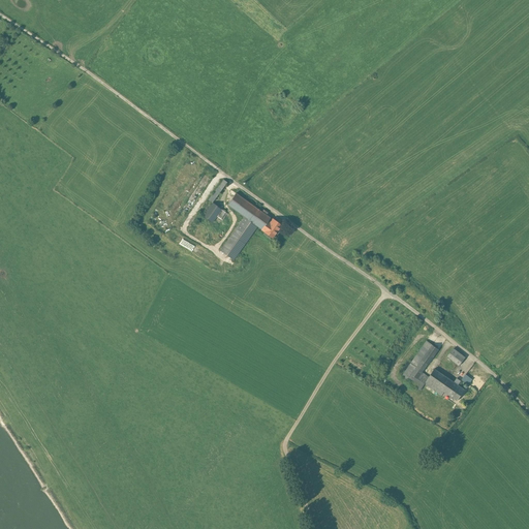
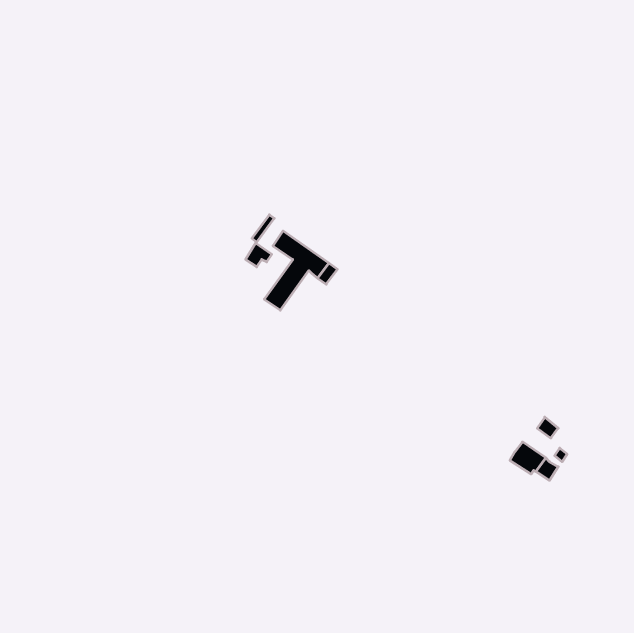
building: [402,340,439,388] -> none

